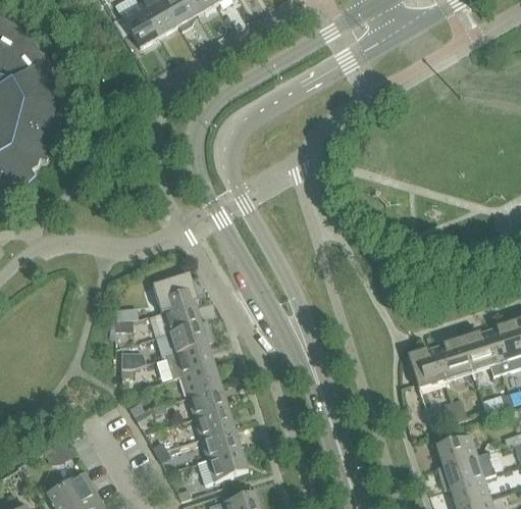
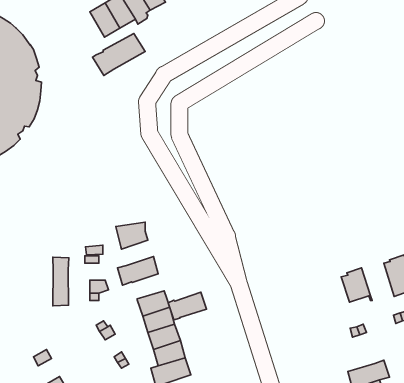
building: none -> [93,33,145,76]
building: [160,302,200,334] -> none
building: none -> [53,257,69,306]
building: [460,330,501,375] -> none
building: [165,344,213,378] -> [168,292,207,320]
building: [409,348,447,388] -> none
building: [435,435,476,466] -> none

